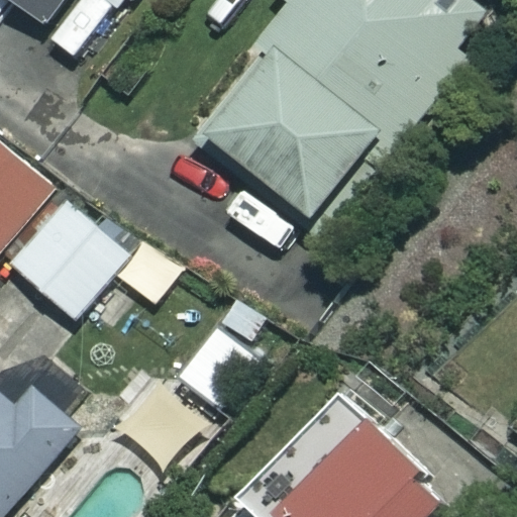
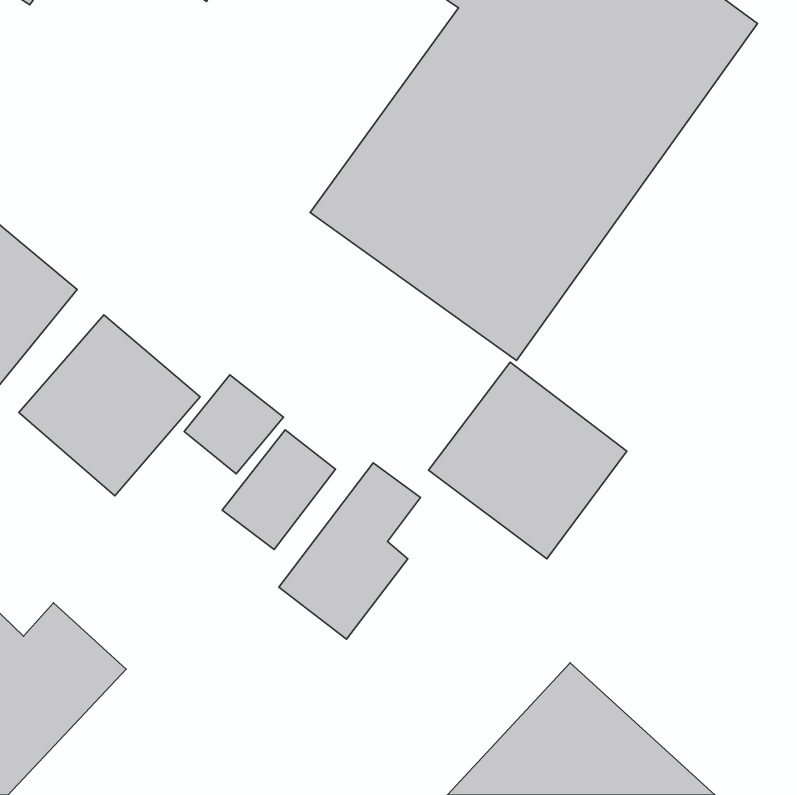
building: none -> [428,362,627,559]

